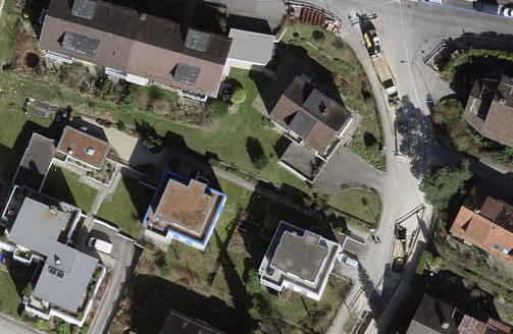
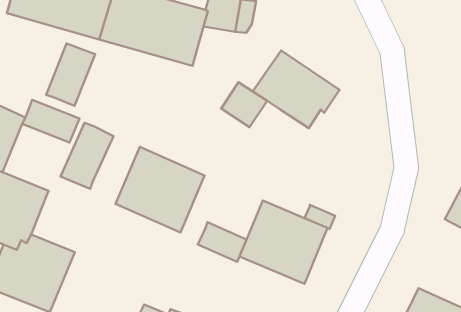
building: none -> [46,43,95,106]
building: [279,133,322,175] -> [221,82,267,127]
building: none -> [61,123,114,189]
building: none -> [198,222,247,262]

